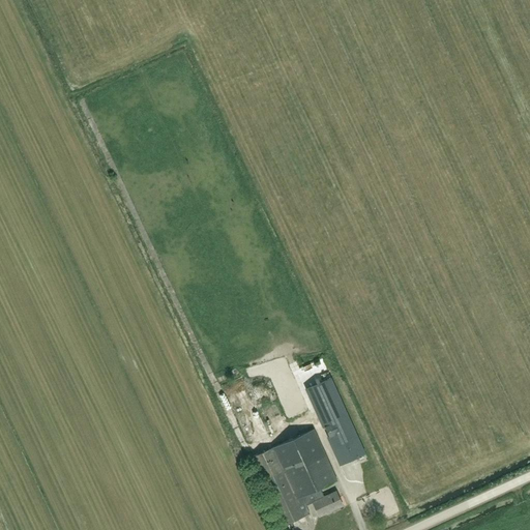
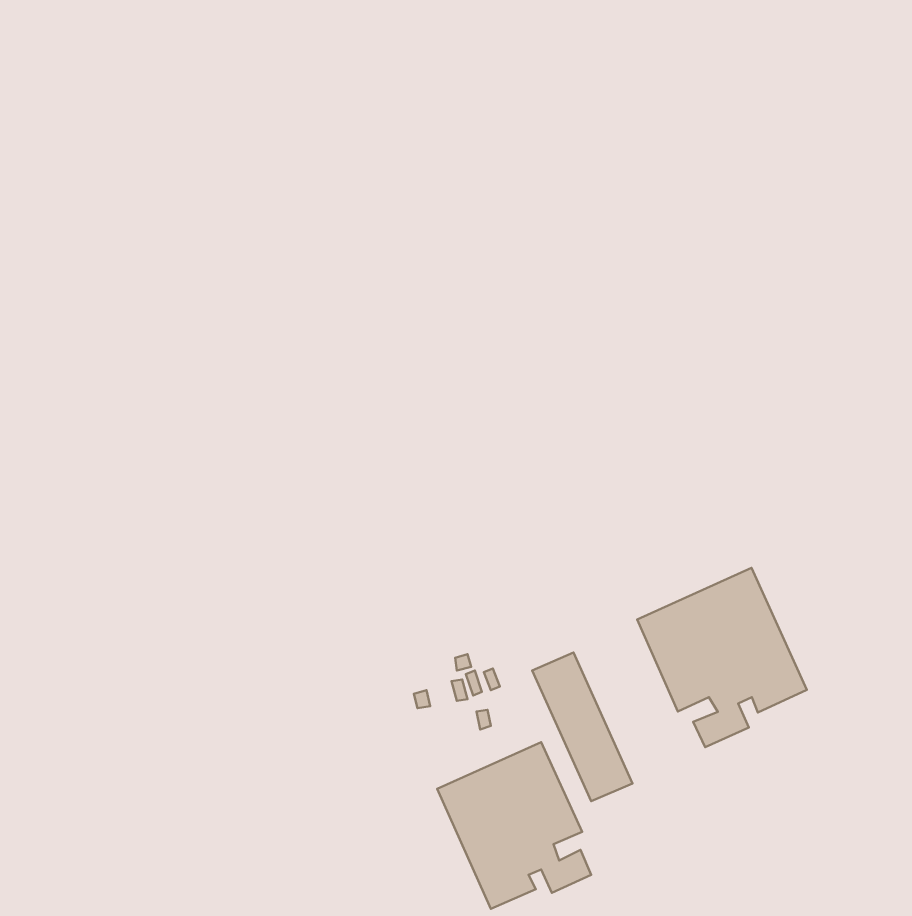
building: none -> [637,568,807,747]

